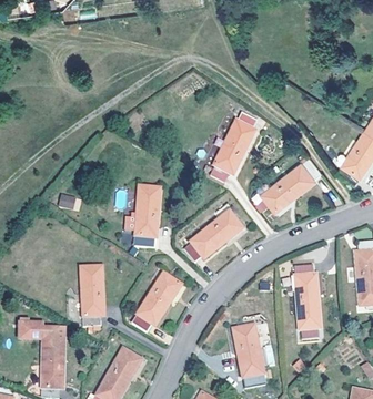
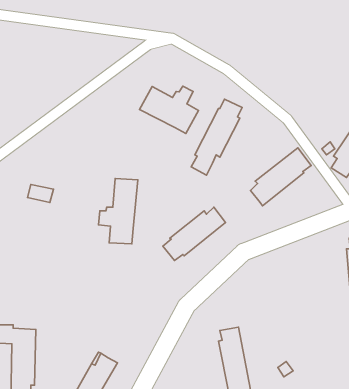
building: none -> [139,86,199,133]
building: [294,265,321,339] -> none
building: [80,266,103,326] -> none
building: [131,274,181,332] -> none

